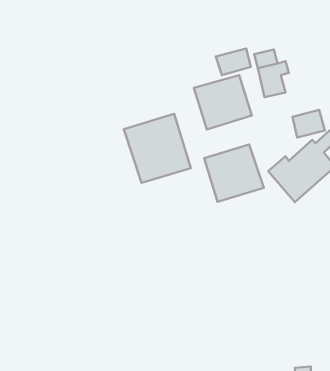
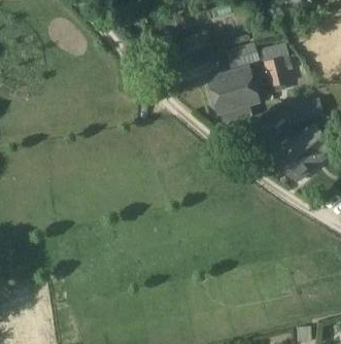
building: [124,114,191,183] -> none
building: [204,145,264,202] -> none

